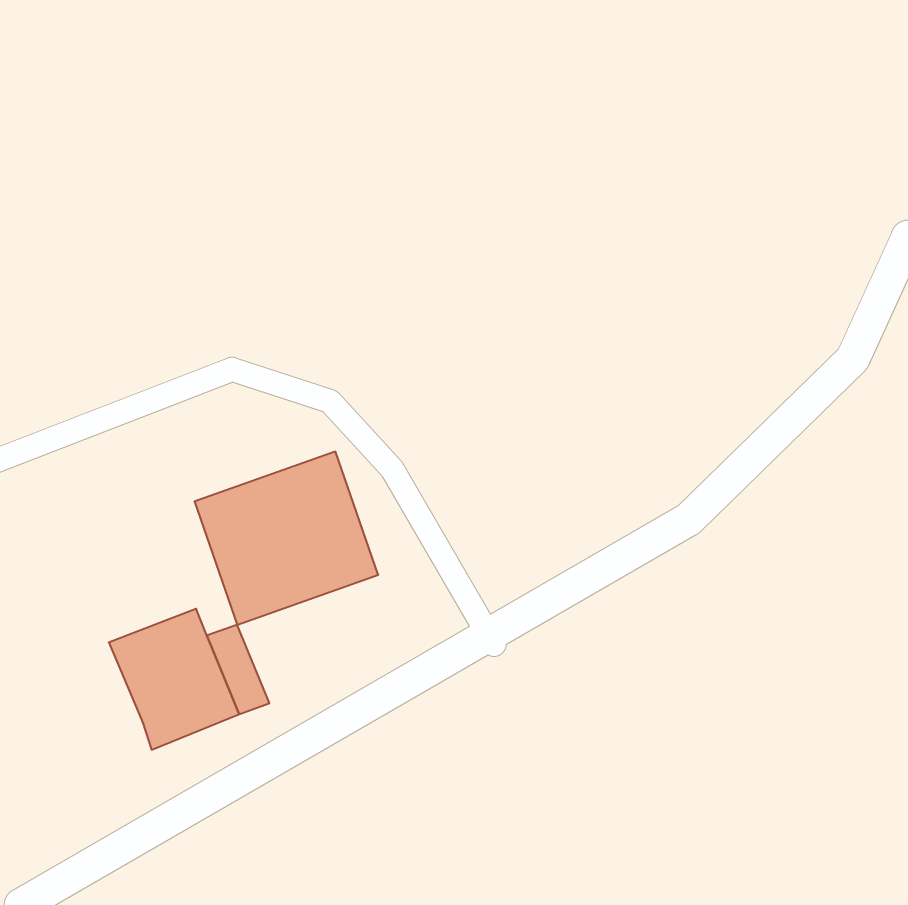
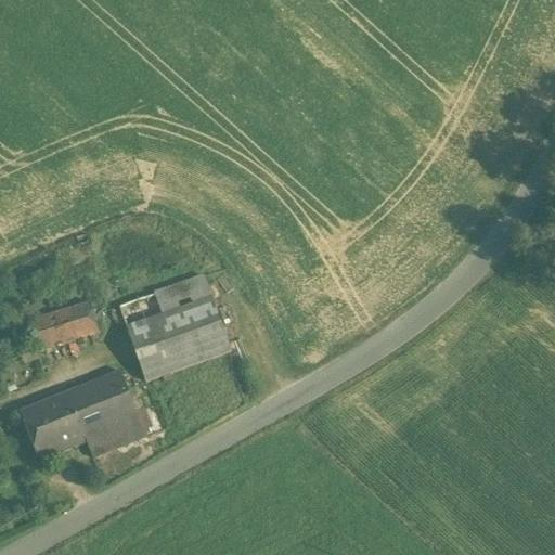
building: none -> [26,300,98,350]
building: none -> [20,390,87,459]

